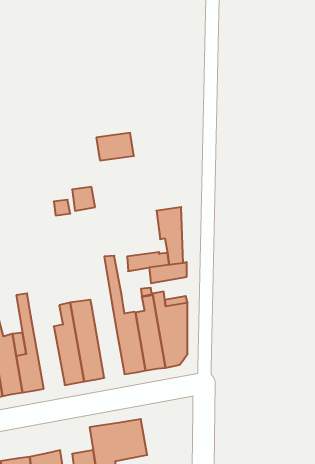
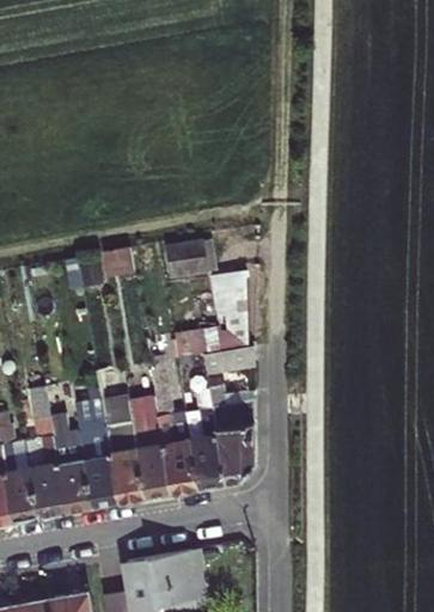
building: [96,133,134,160] -> [165,239,214,275]
building: none -> [128,394,171,495]
building: none -> [49,412,93,509]

